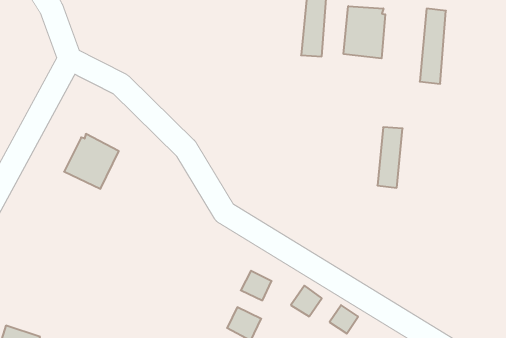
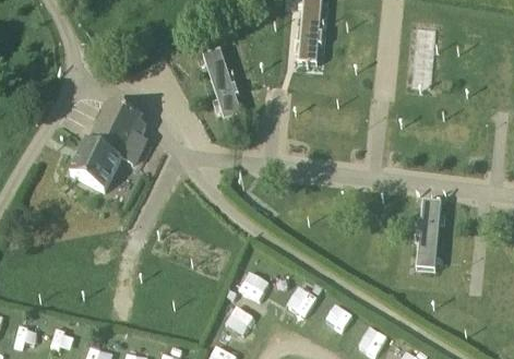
building: [344,6,385,58] -> none
building: none -> [207,63,242,123]
building: none -> [92,105,142,157]
building: [377,127,403,188] -> [419,200,443,258]

